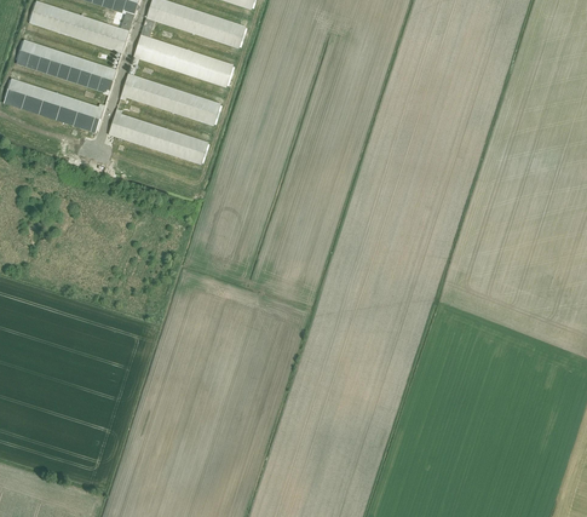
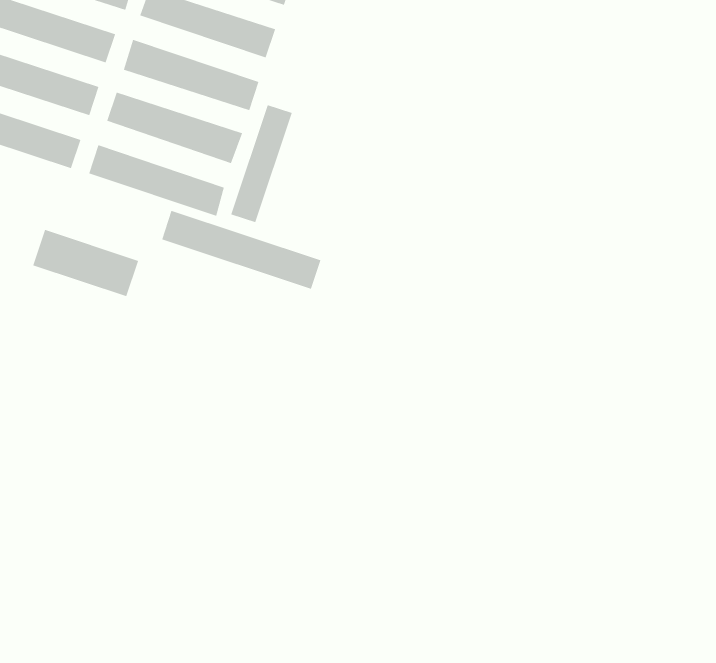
building: none -> [230,104,293,223]
building: none -> [161,210,321,290]
building: none -> [32,229,139,297]

